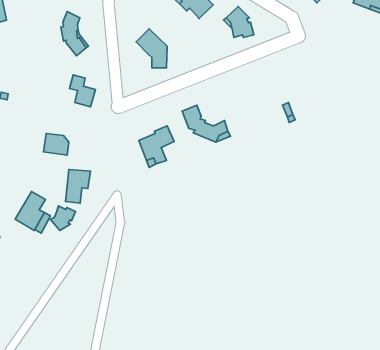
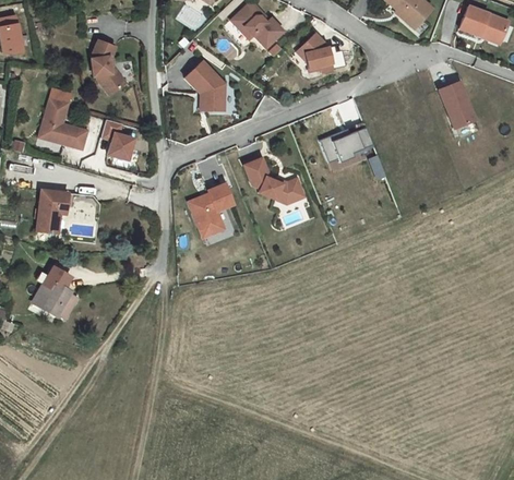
building: none -> [439,81,475,127]
building: none -> [39,97,87,148]
building: none -> [320,127,373,161]
building: [65,170,91,203] -> [37,190,69,232]
building: [50,206,75,231] -> none

